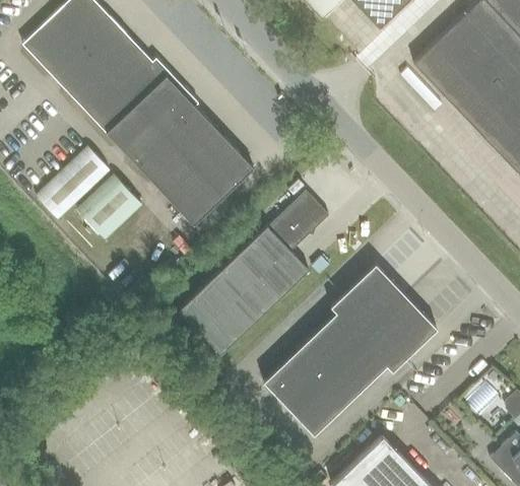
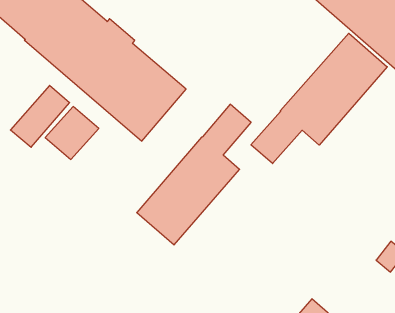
building: none -> [251,33,387,164]
building: [264,264,439,435] -> none

